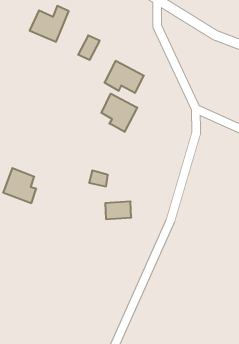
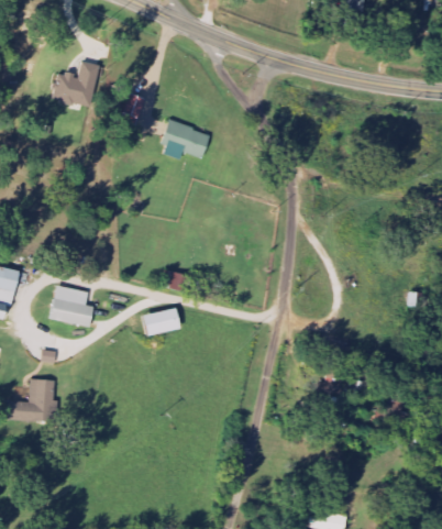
building: [101,94,137,132] -> none
building: [105,201,131,219] -> [144,307,181,335]

